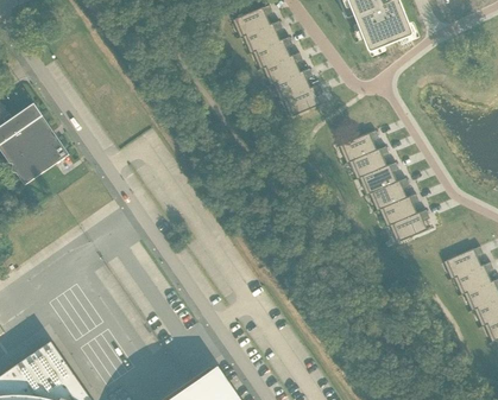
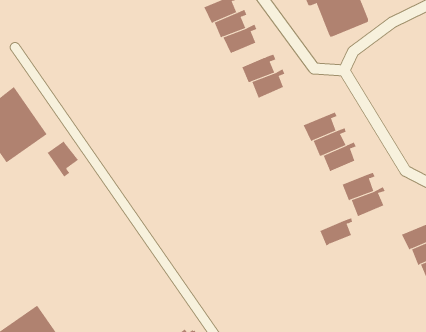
building: [265,55,301,85] -> none
building: none -> [47,141,79,178]
building: [371,180,406,211] -> [319,217,353,246]

